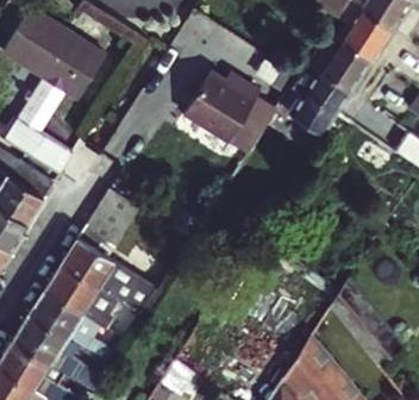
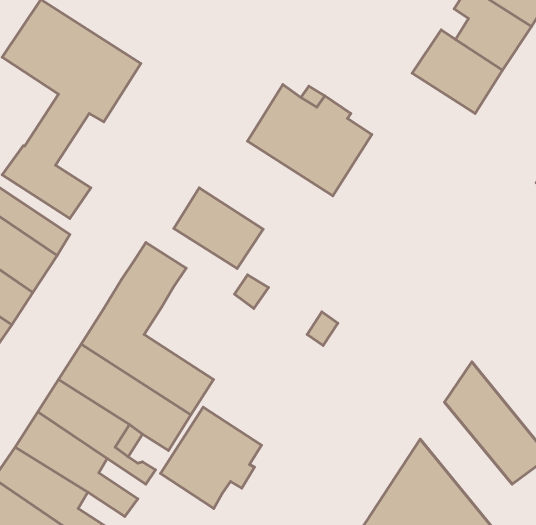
building: [290,64,352,135] -> none
building: none -> [174,188,263,269]
building: none -> [160,407,262,508]

